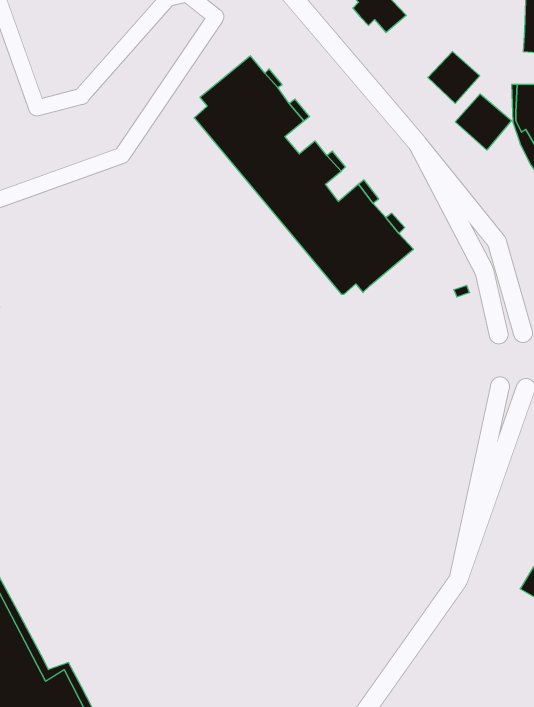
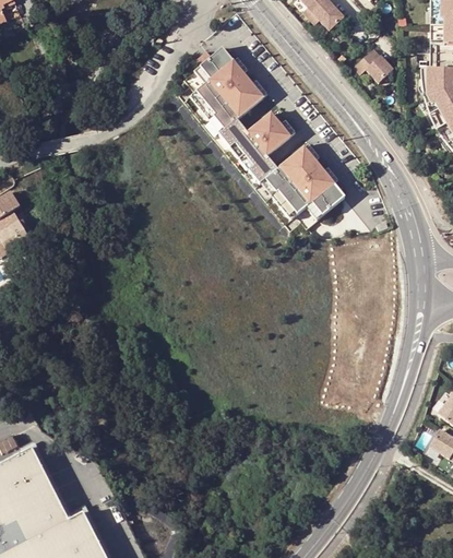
building: [455,94,511,150] -> none

